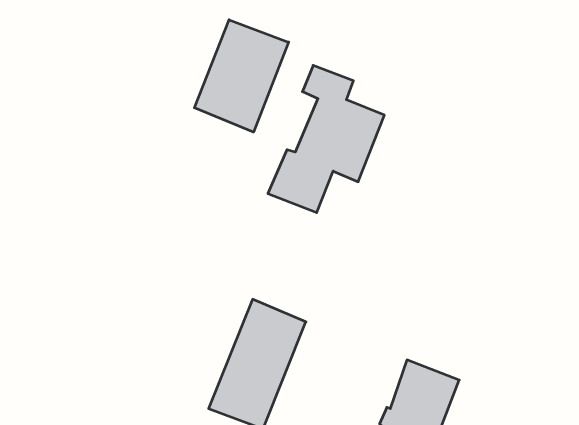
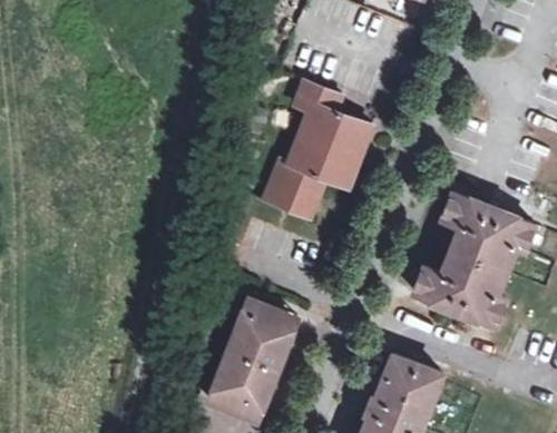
building: [194,20,289,132] -> none
building: none -> [414,193,532,324]

